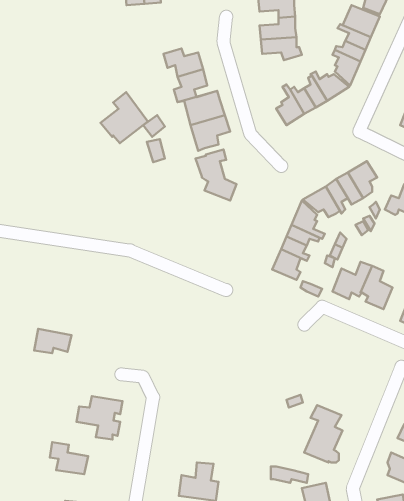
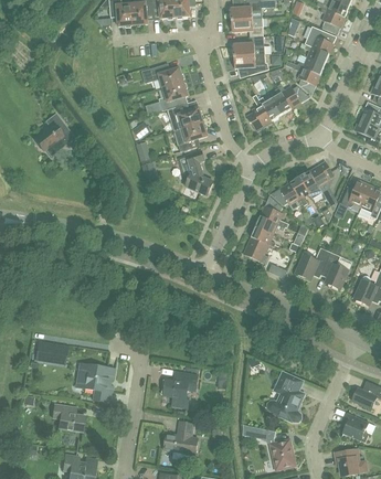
building: [101,92,148,143] -> [32,111,73,156]
building: [34,329,71,353] -> [33,340,65,361]
building: none -> [162,370,197,407]

